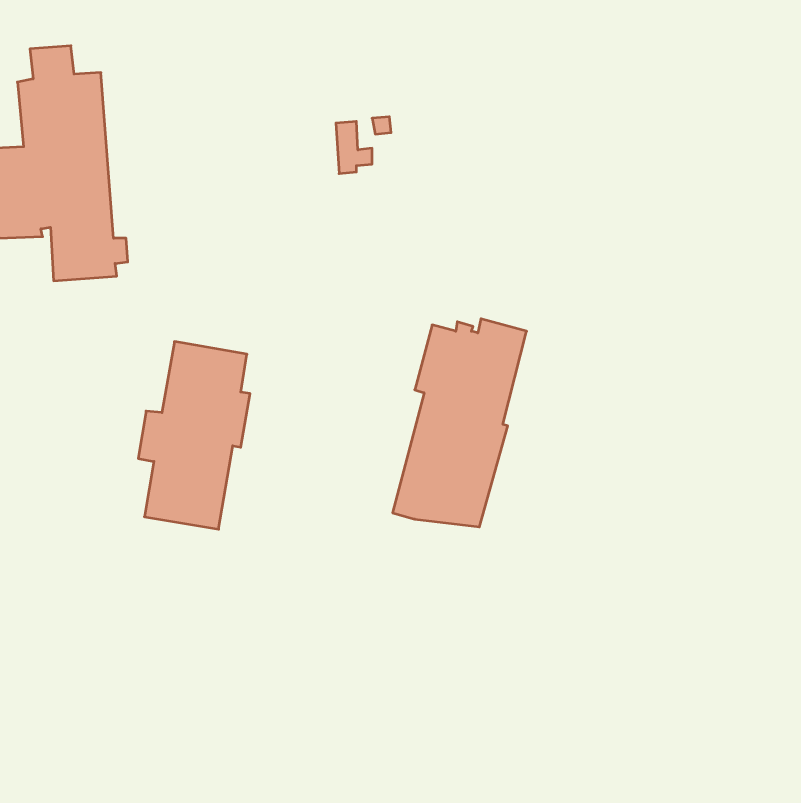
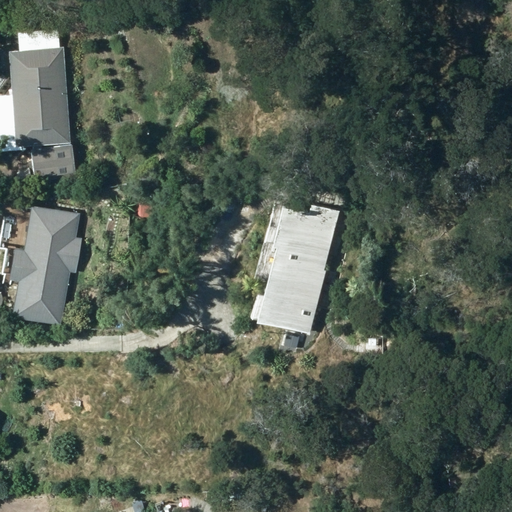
building: [138,342,250,529] -> [10,205,81,324]

